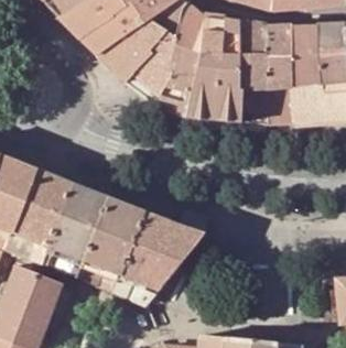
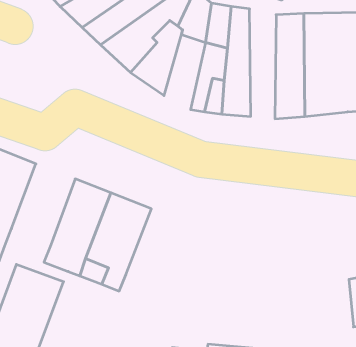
building: [239,20,264,124] -> none
building: [158,44,197,116] -> none
building: [6,167,73,261] -> none
building: [115,210,204,302] -> none

